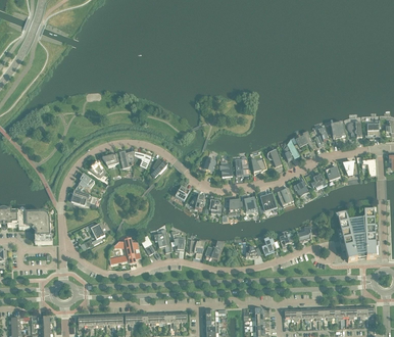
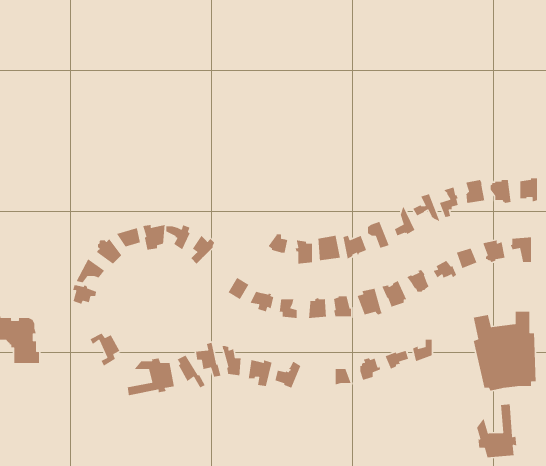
building: none -> [476,403,517,458]

